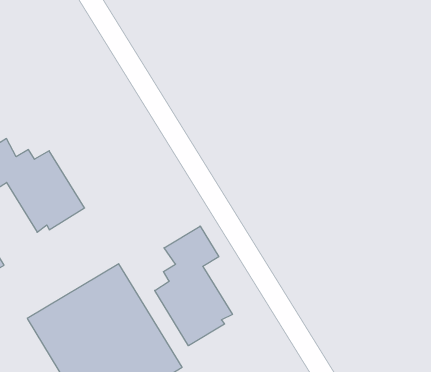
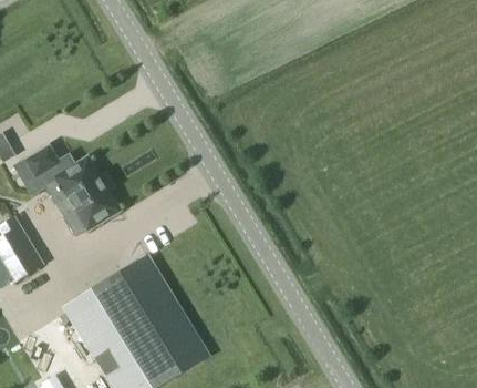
building: [155,226,232,346] -> none

